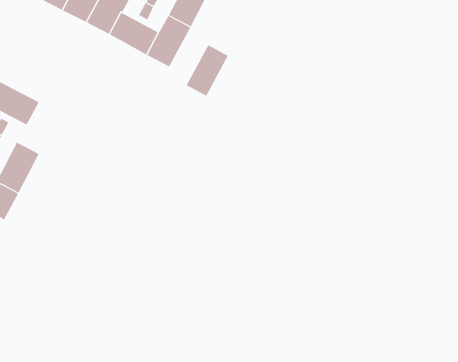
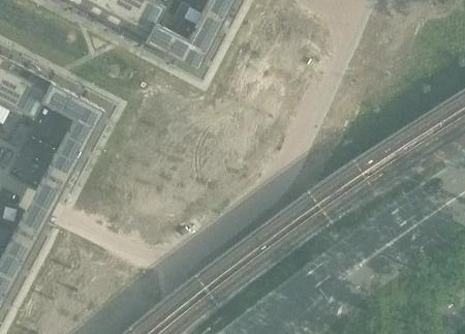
building: [186,45,229,96] -> none
building: none -> [59,97,97,142]

